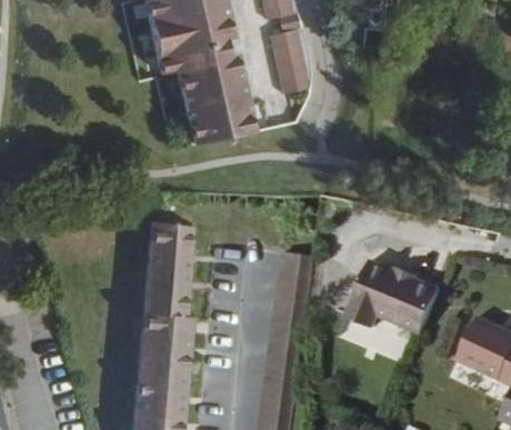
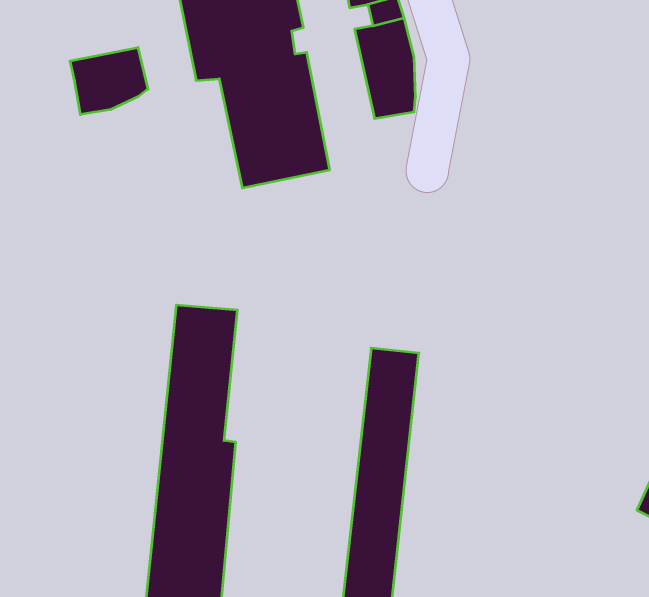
building: none -> [70,47,148,115]
building: [349,262,440,334] -> none

